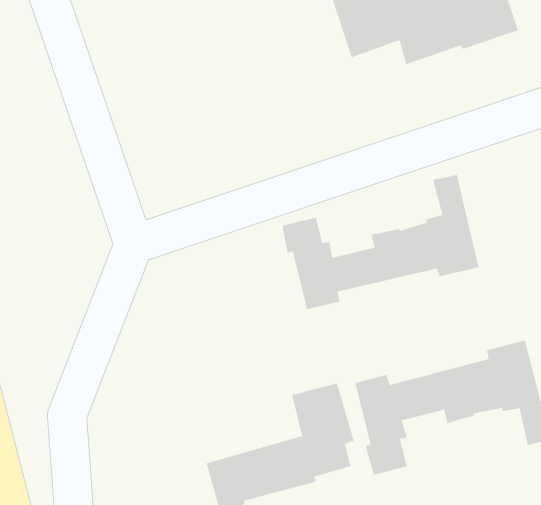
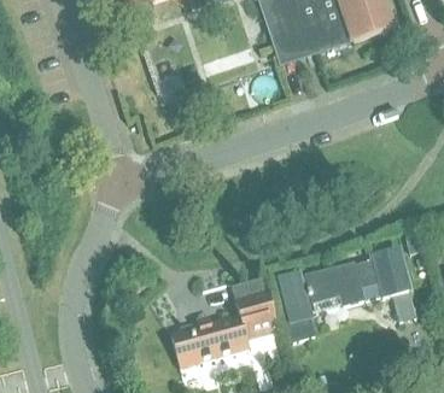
building: [282,174,479,310] -> none

